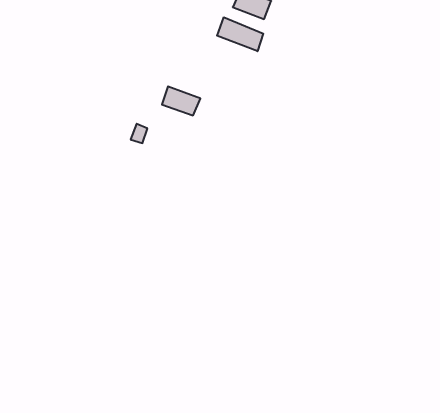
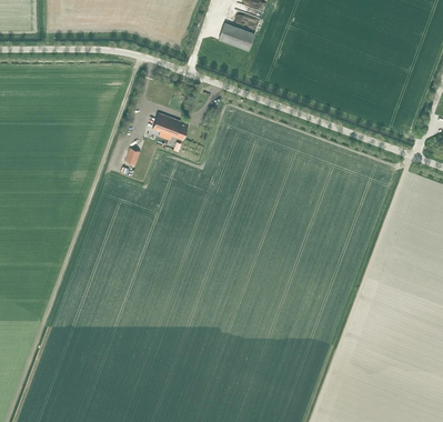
building: [217,17,263,51] -> none

